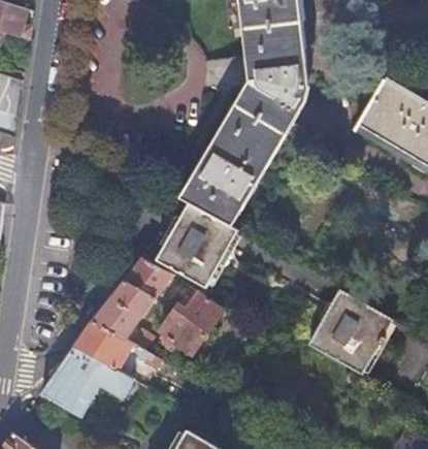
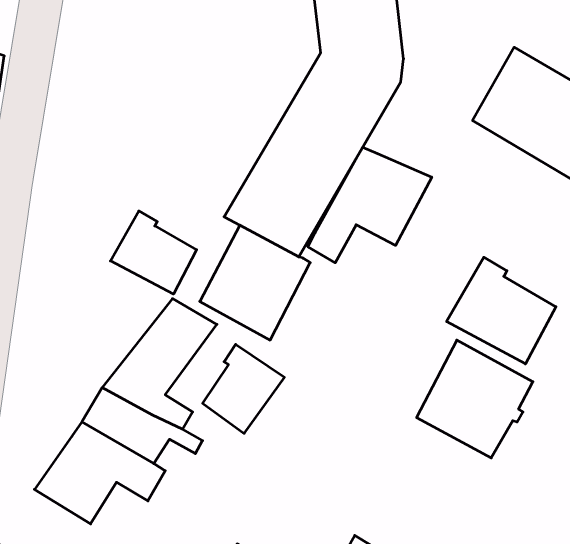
building: none -> [308,147,432,263]
building: none -> [110,211,197,294]
building: none -> [447,257,556,364]

